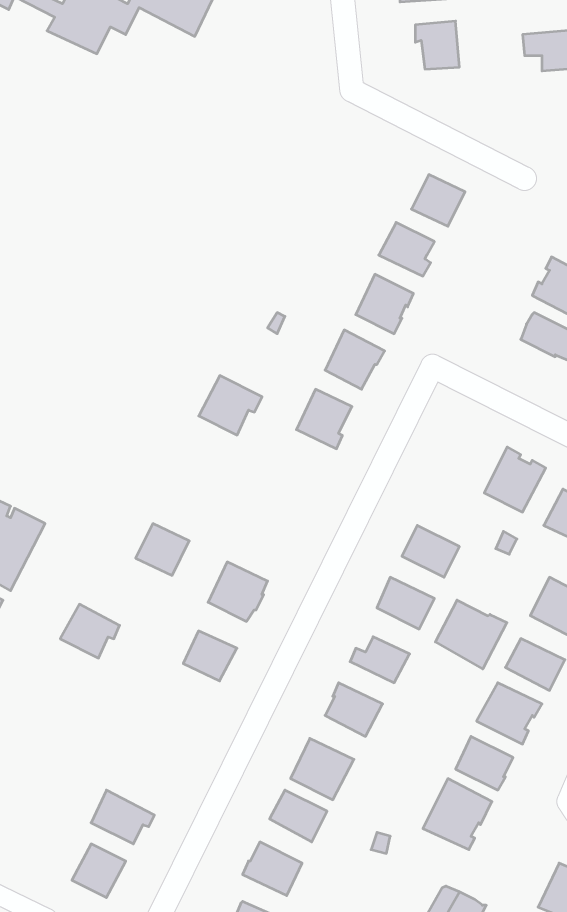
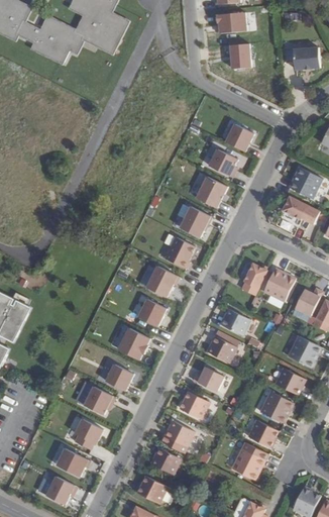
building: [199,376,262,435] -> [144,265,178,296]
building: none -> [240,263,266,295]
building: [136,524,189,575] -> [136,298,164,325]
building: [435,600,507,669] -> none
building: [60,604,120,658] -> [82,385,113,413]
building: none -> [73,418,102,448]

